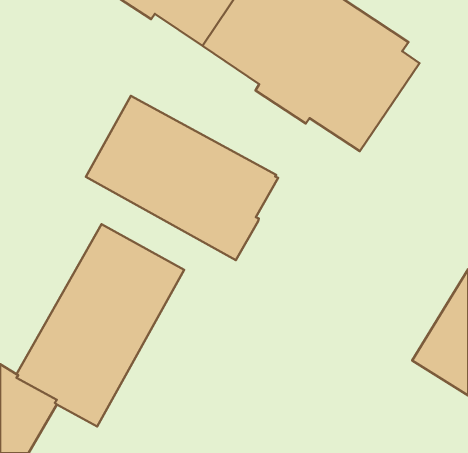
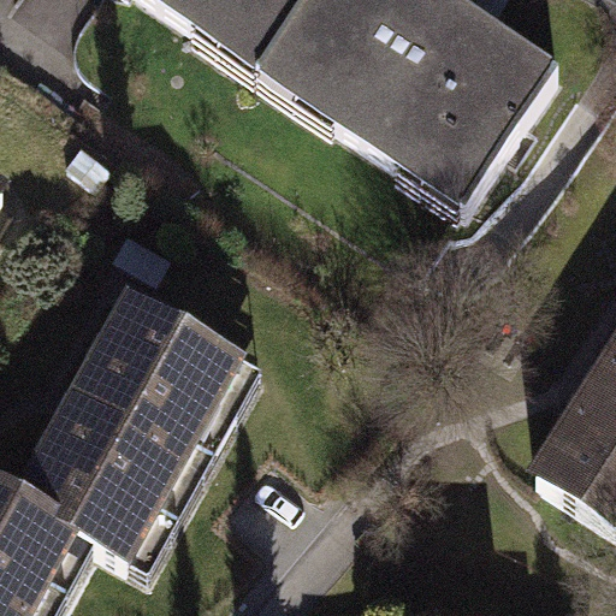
building: [86,96,278,260] -> none

